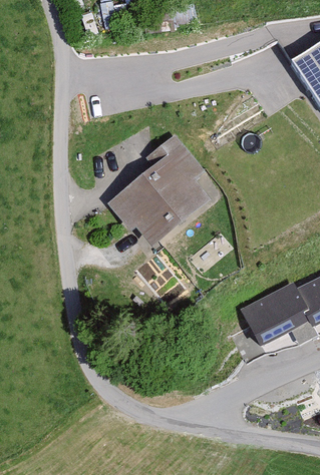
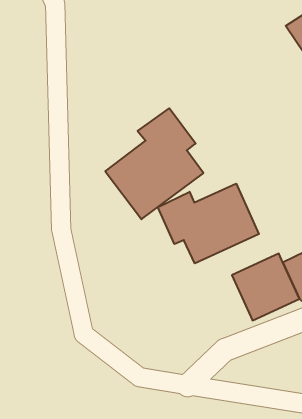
building: none -> [158,184,259,263]

